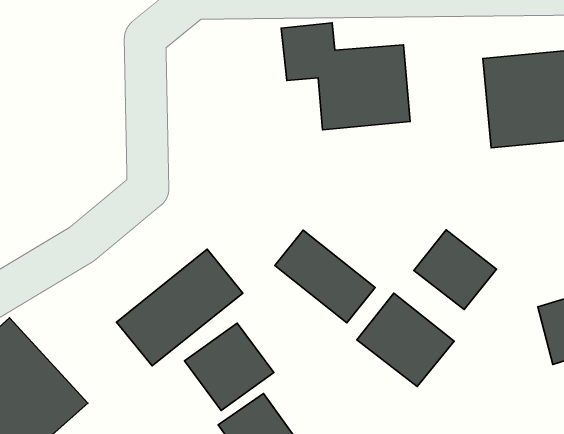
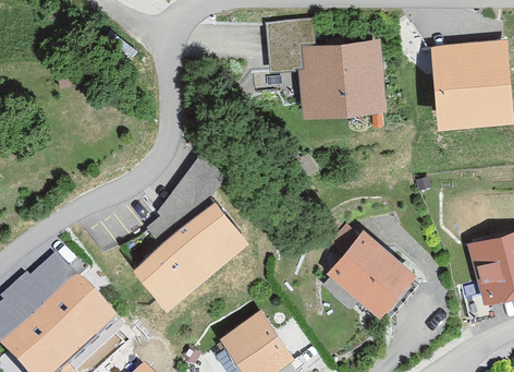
building: [414,230,496,310] -> none
building: [275,230,375,323] -> none
building: [185,323,274,410] -> none

